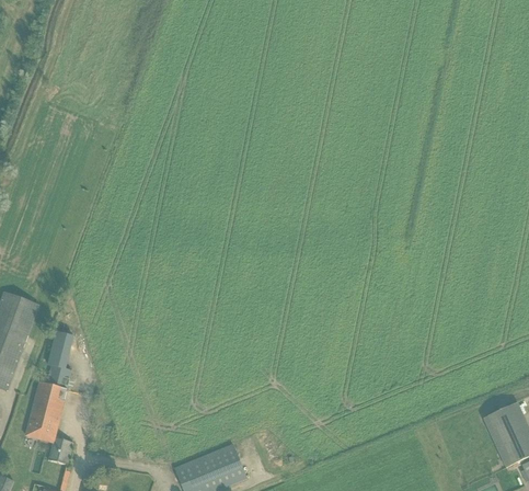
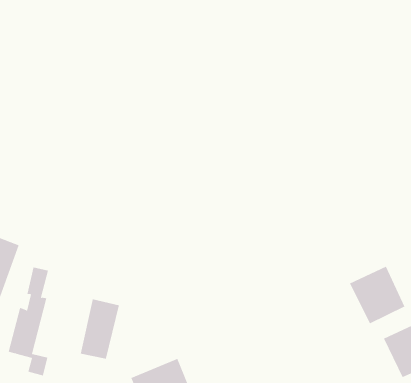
building: none -> [349,266,405,324]
building: none -> [80,299,119,360]

